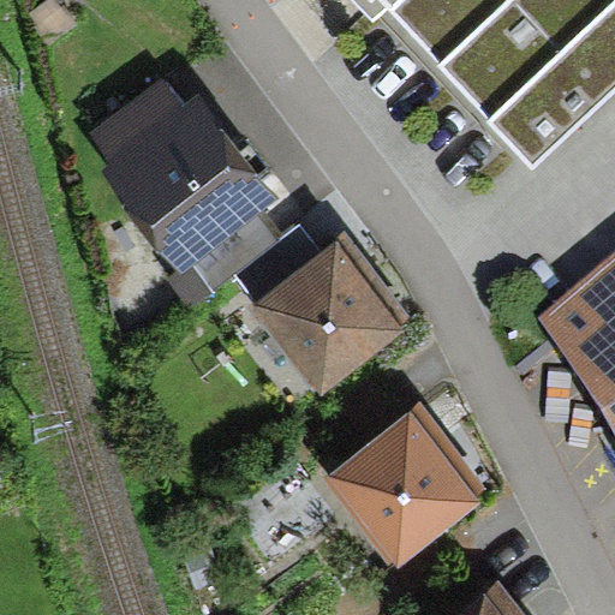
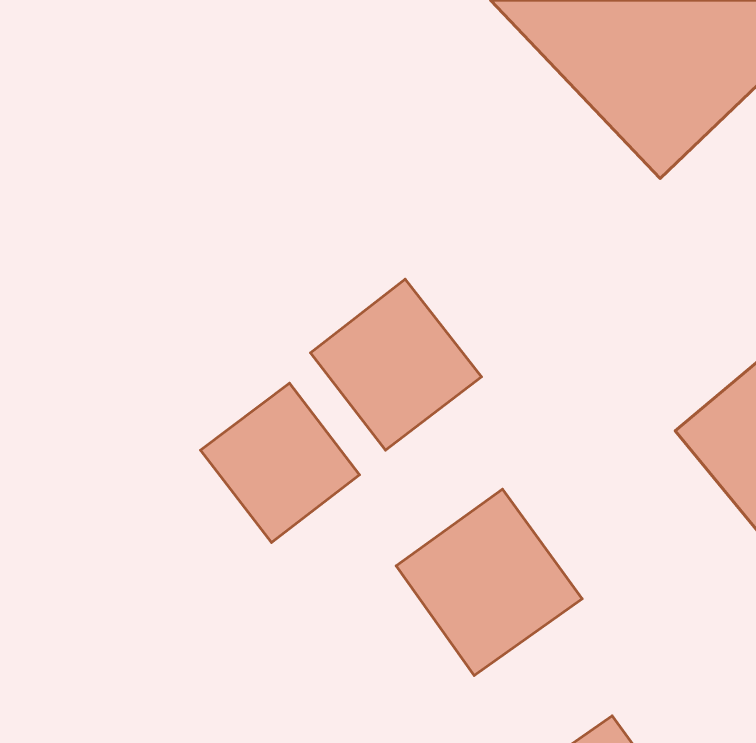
building: [108,101,271,264] -> none
building: none -> [200,383,359,542]

